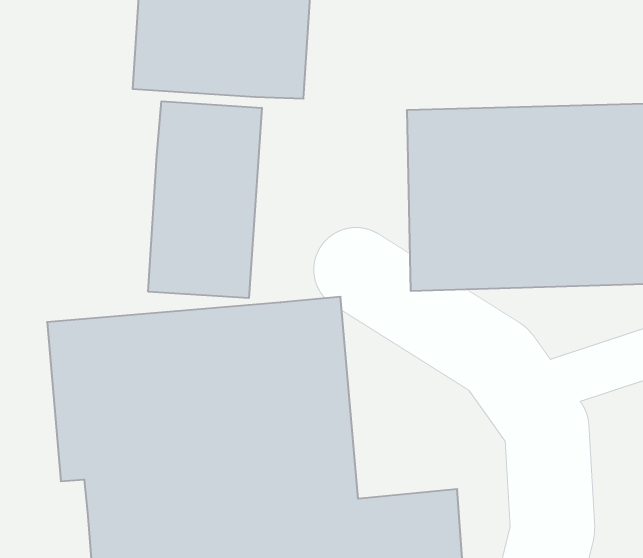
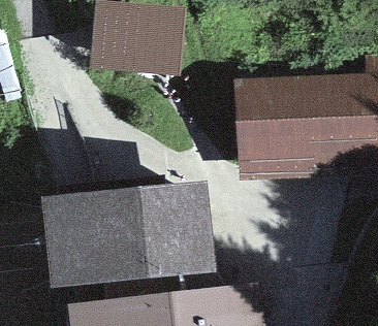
building: [148,101,262,298] -> none

